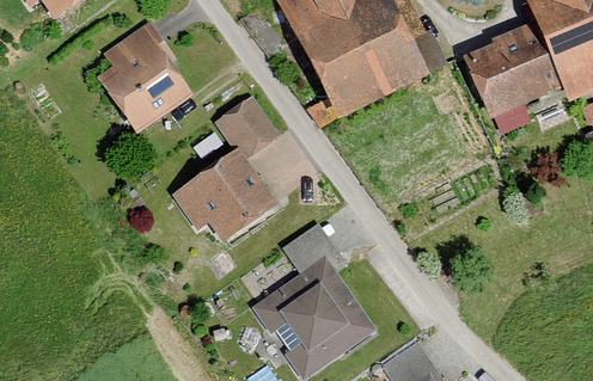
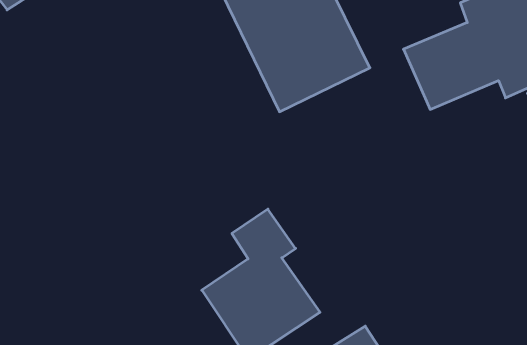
building: [96,20,192,133] -> none
building: [172,94,281,240] -> none

